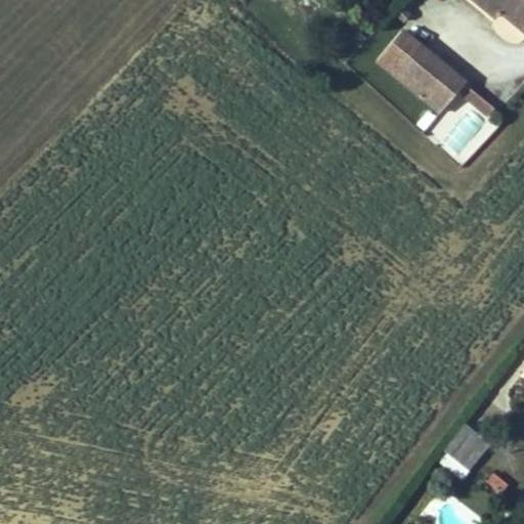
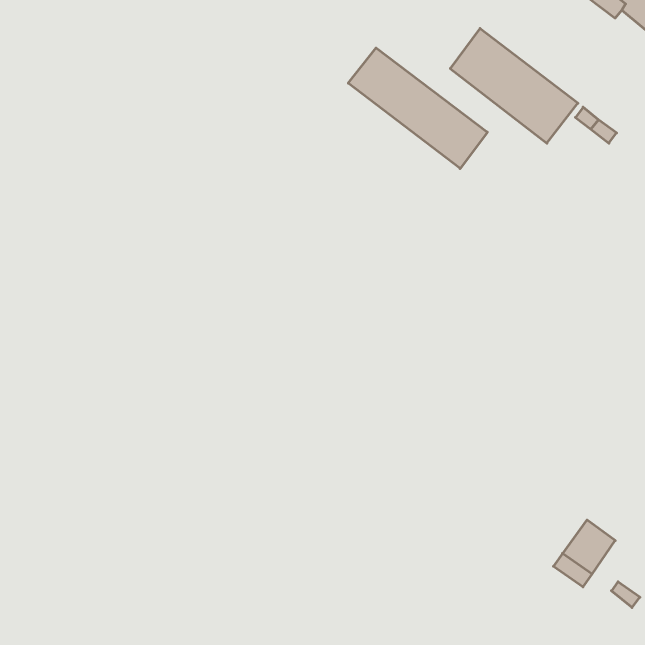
building: none -> [348,48,487,169]

